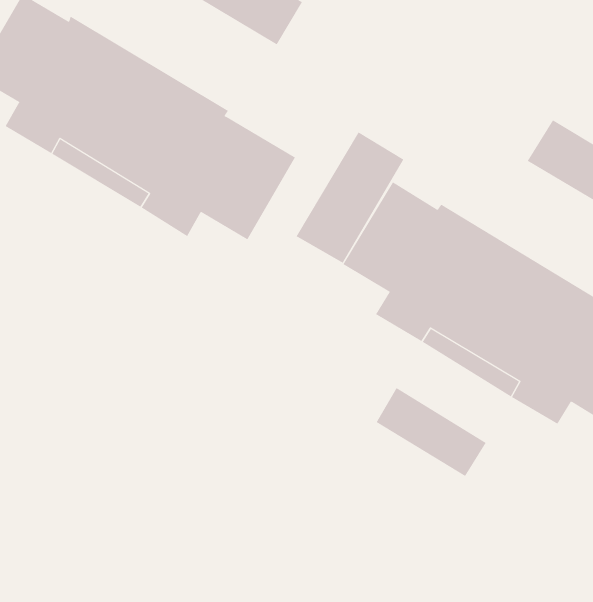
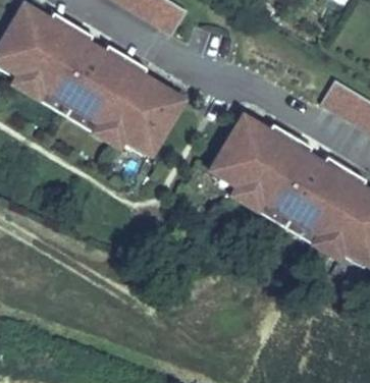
building: [296,131,404,263] -> none
building: [376,387,486,477] -> none

